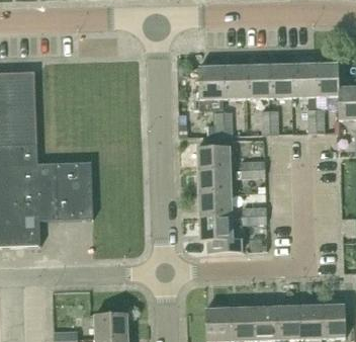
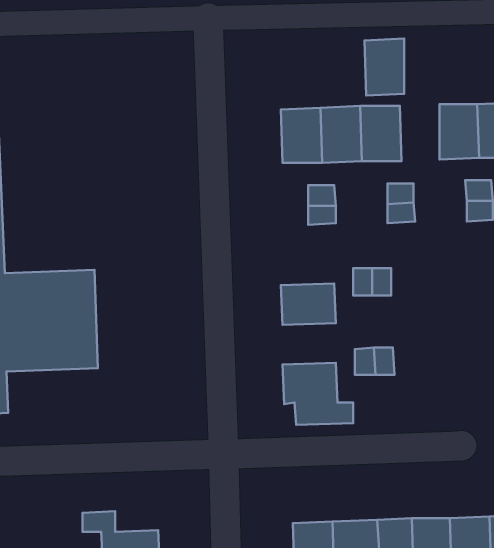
building: [269,64,292,97] -> [364,39,404,96]
building: [199,146,231,170] -> none
building: [200,192,232,217] -> none

